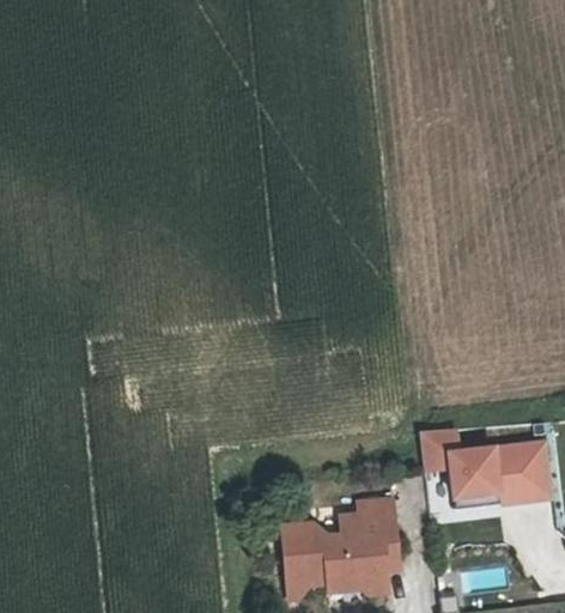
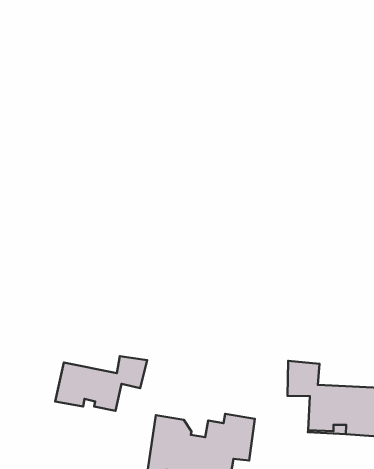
building: none -> [55,356,147,411]

